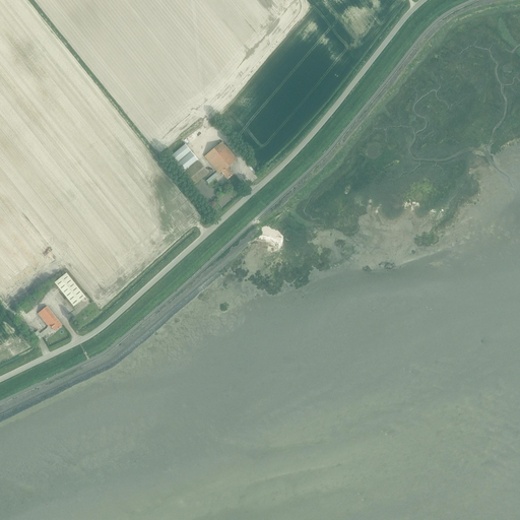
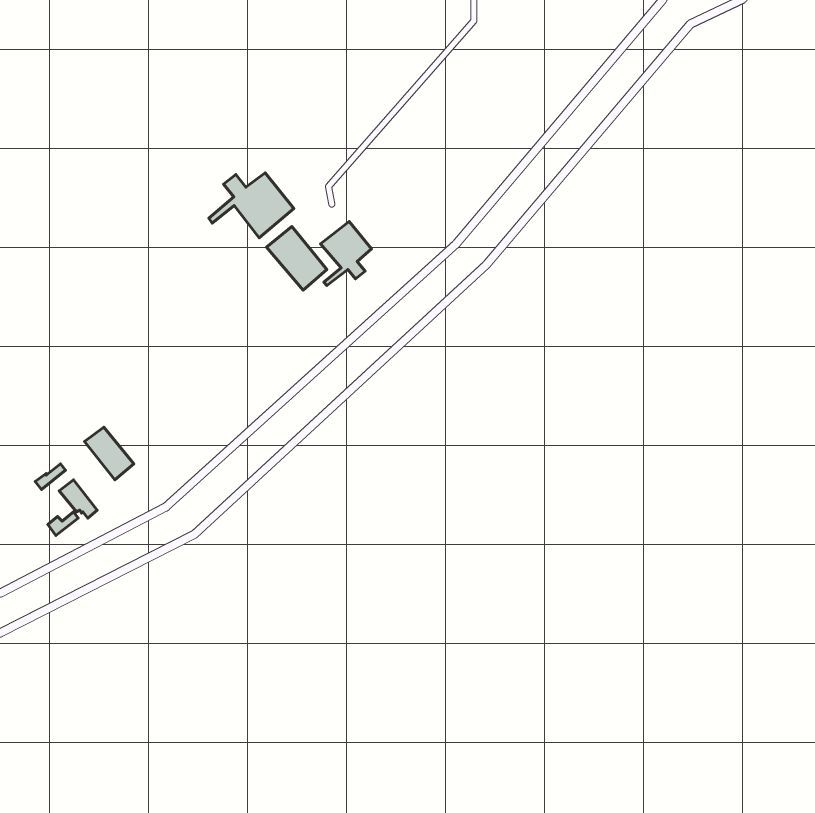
building: none -> [209,173,294,238]

